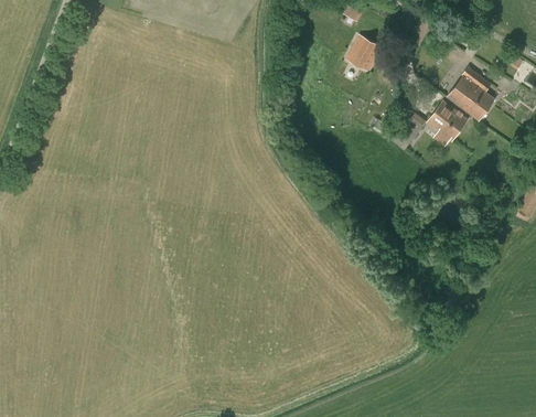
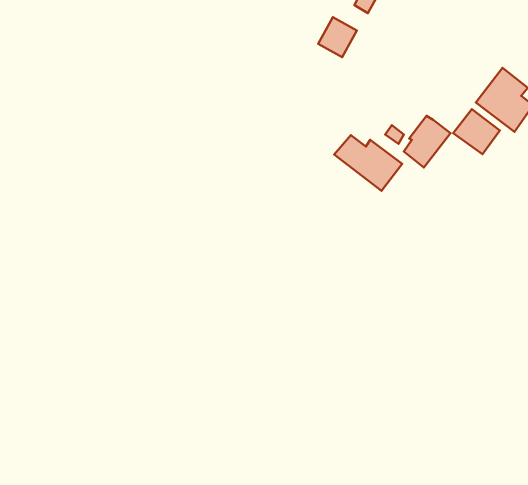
building: [346,38,378,71] -> [318,17,357,57]
building: none -> [334,135,402,191]

